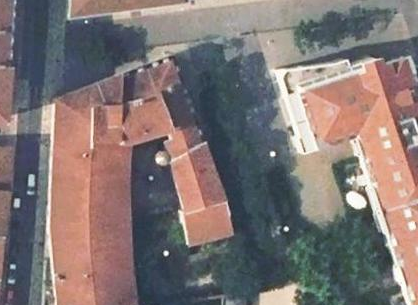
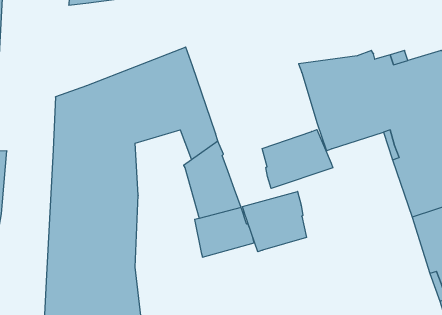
building: none -> [262,130,333,188]
building: none -> [243,191,307,252]

